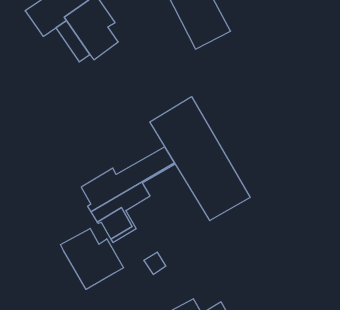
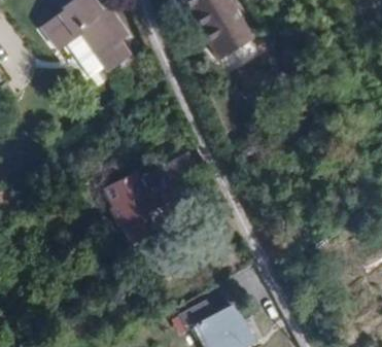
building: [150,97,250,221] -> none
building: [60,228,124,289] -> none

